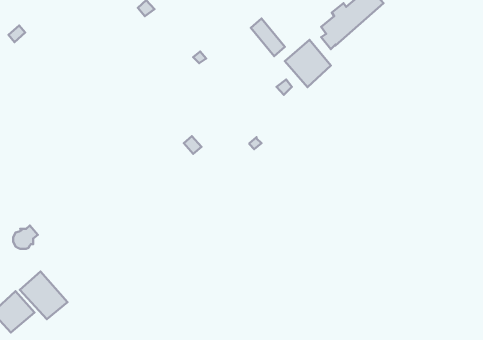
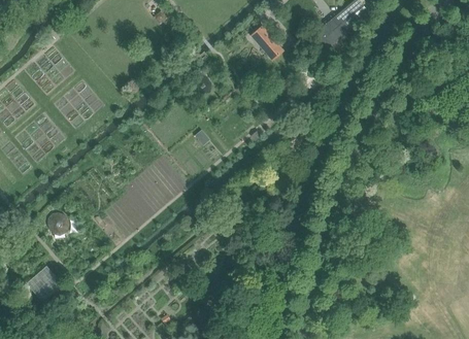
building: [285,40,331,87] -> none
building: [20,271,67,319] -> none

